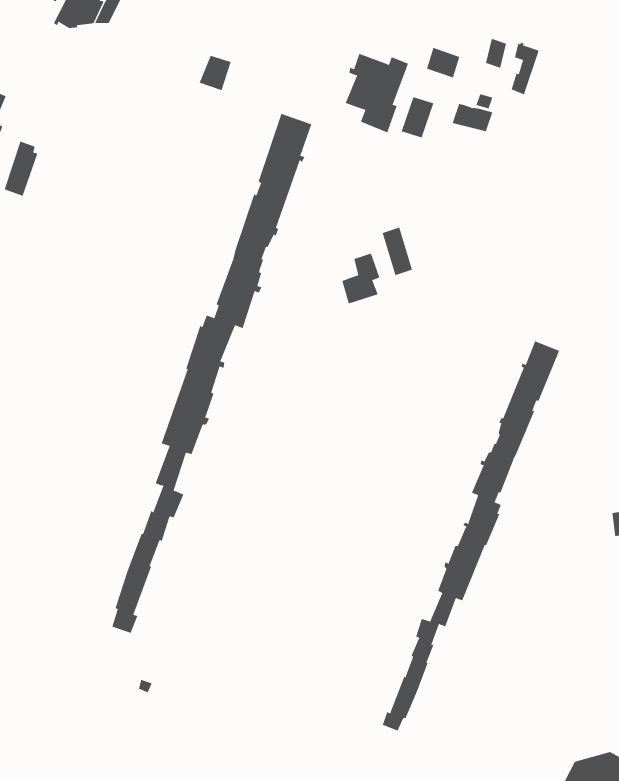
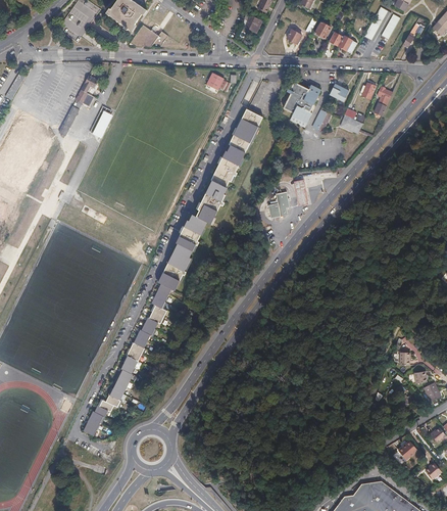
building: [382,341,560,731] -> none
building: none -> [83,378,128,434]

